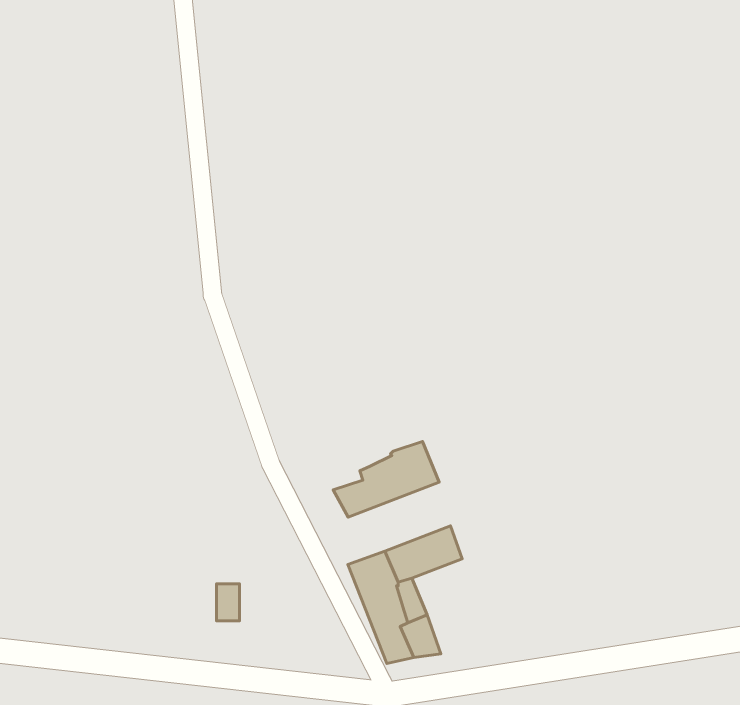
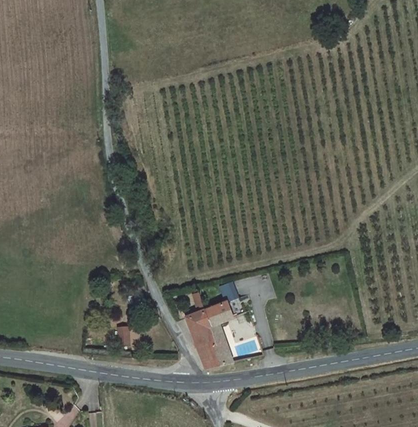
building: [333,442,439,517] -> none

